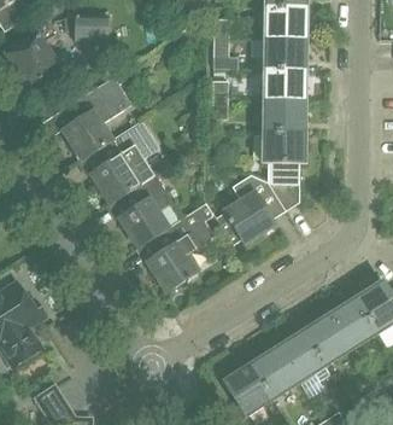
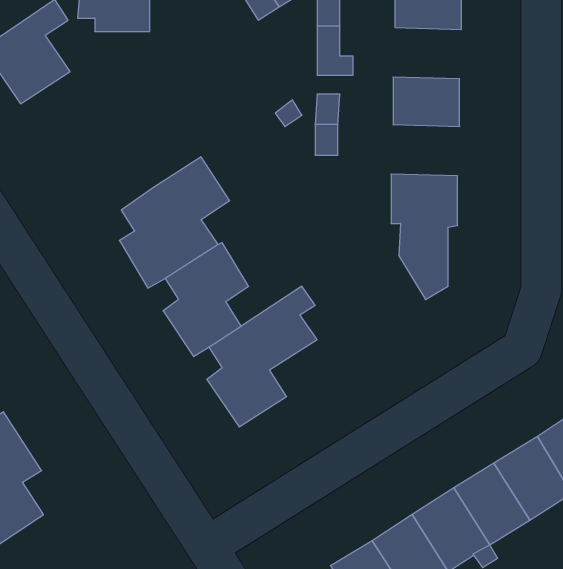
building: [263,37,306,70] -> none
building: [60,75,131,159] -> none
building: [262,99,305,132] -> none
building: [215,175,283,243] -> none

